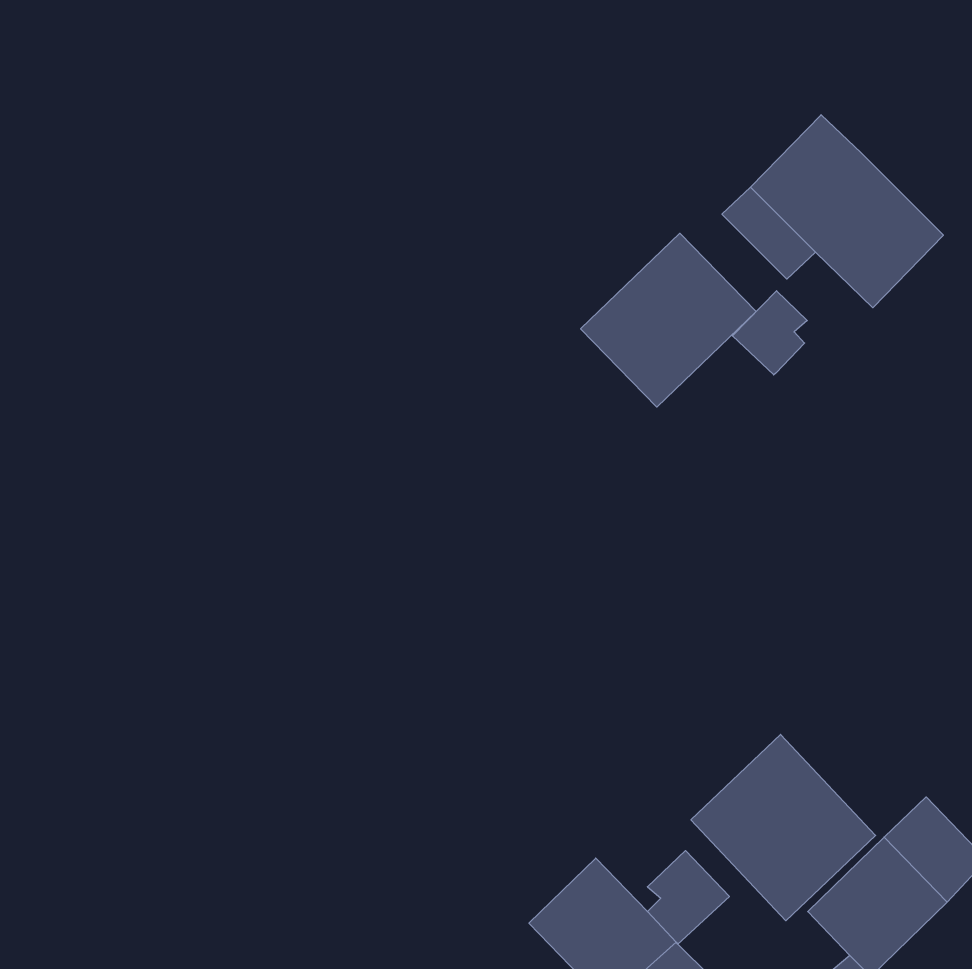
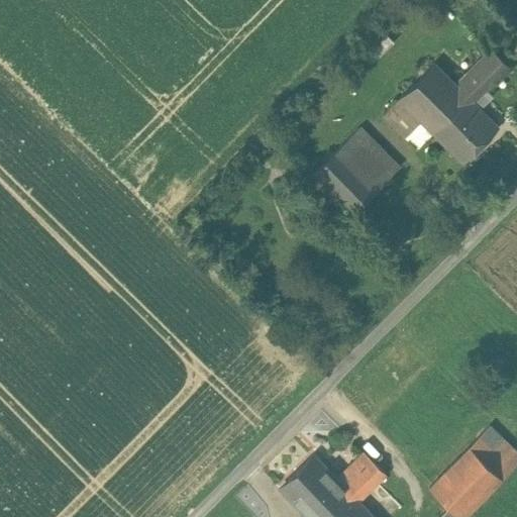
building: none -> [457,49,511,104]
building: [732,291,807,375] -> none
building: [691,734,876,921] -> none

